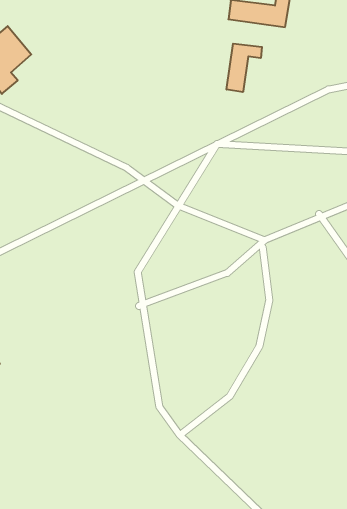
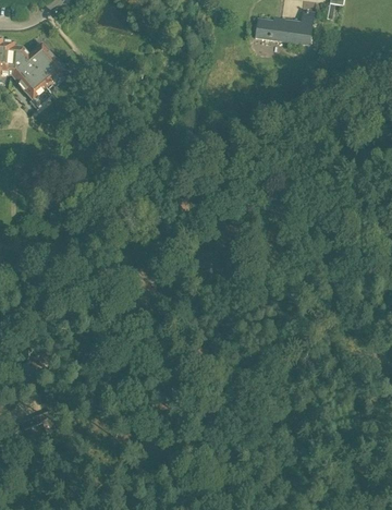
building: [227,44,262,92] -> none

